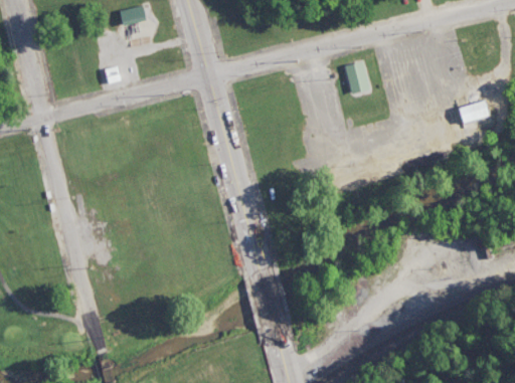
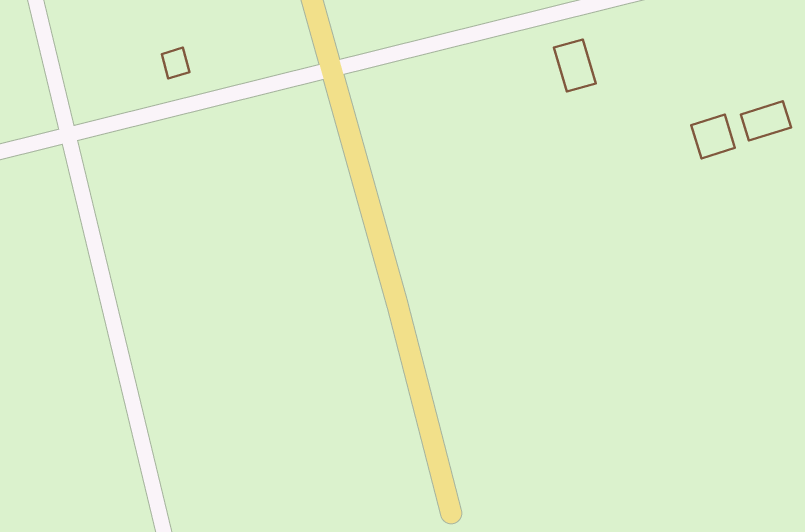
building: none -> [691,114,735,158]

